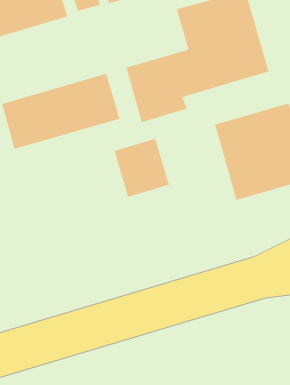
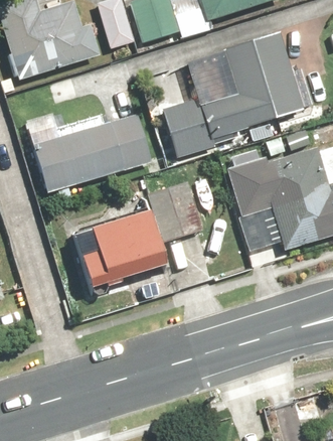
building: none -> [72,206,161,288]

